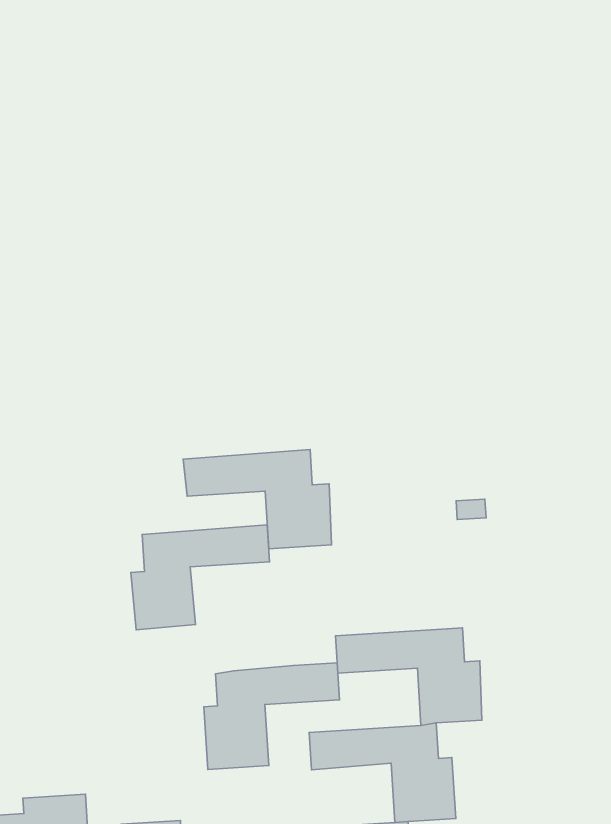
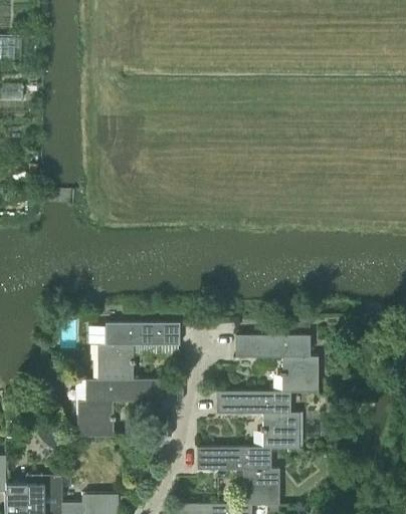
building: [183,449,331,549] -> [234,334,320,392]
building: [204,663,339,769] -> [78,379,159,438]

